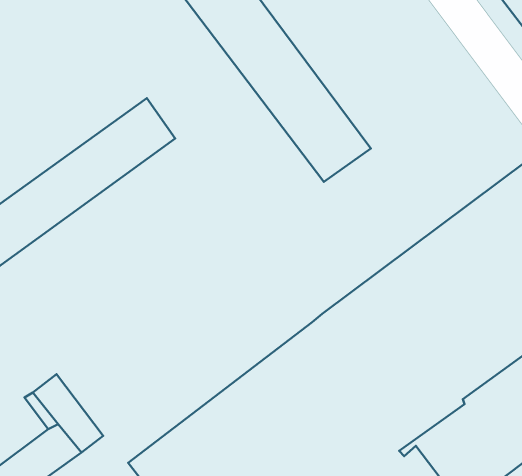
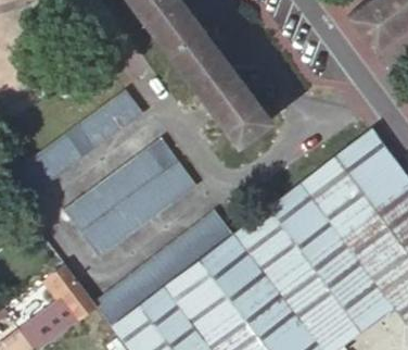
building: none -> [63,140,195,260]
building: none -> [93,213,231,327]

